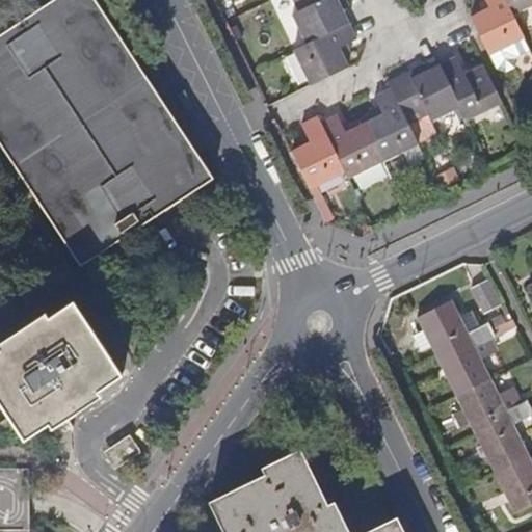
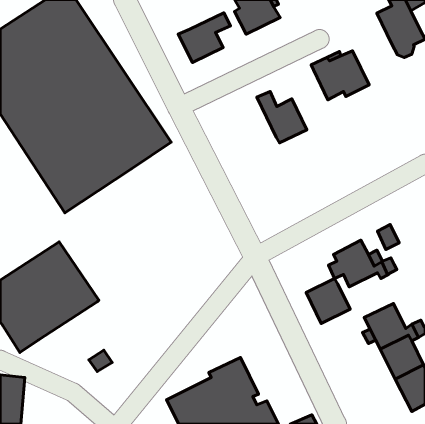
building: [293,22,358,84] -> [178,13,231,63]
building: [441,55,502,119] -> none
building: [365,87,426,165] -> none
building: [291,116,345,190] -> none
building: [436,341,491,397] -> [306,279,350,323]

